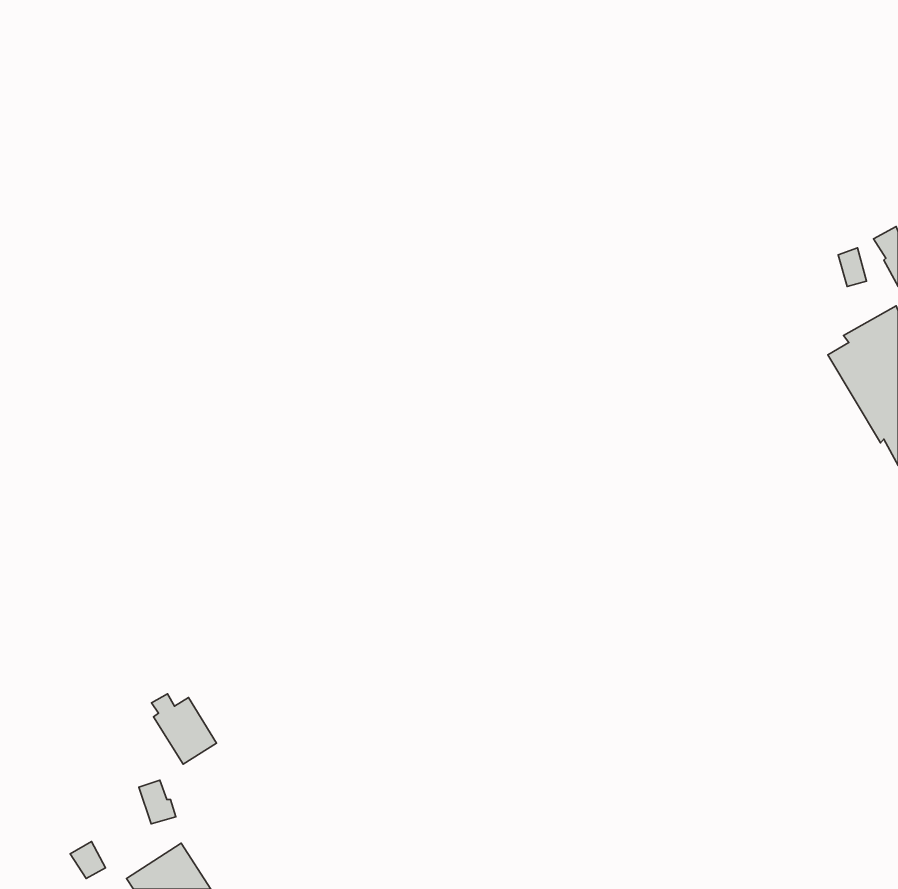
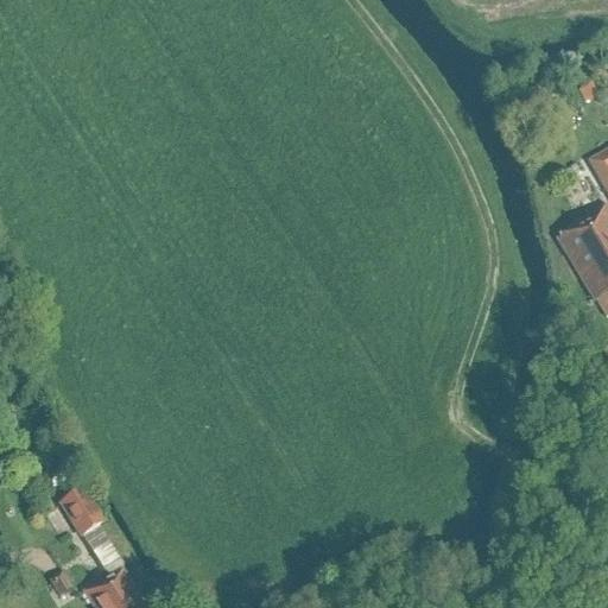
building: [152,694,217,764] -> [58,488,102,536]

